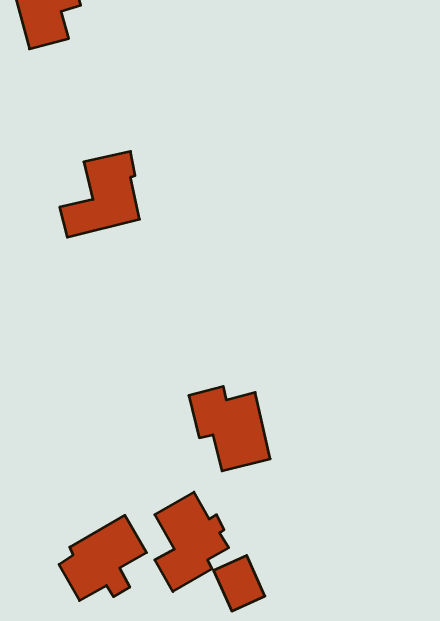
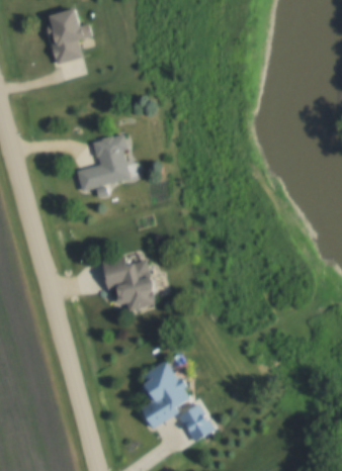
building: [189,386,270,471] -> [101,256,156,312]
building: [59,515,147,601] -> none

